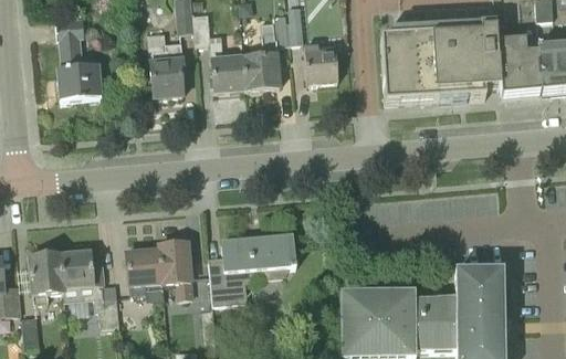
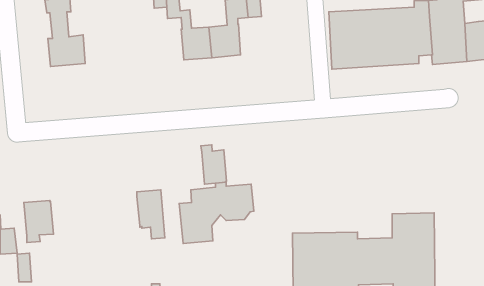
building: [149,31,186,96] -> none
building: [304,42,338,82] -> none
building: none -> [201,145,226,184]
building: [128,249,164,293] -> none
building: [61,252,120,328] -> none

